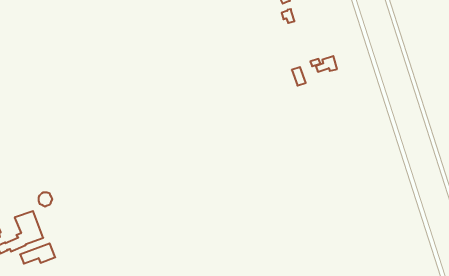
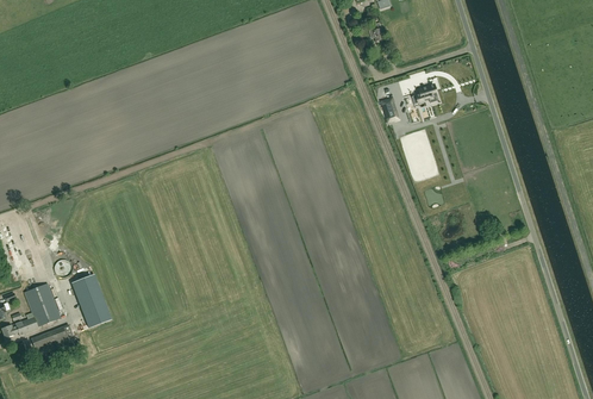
building: none -> [71,274,111,328]

